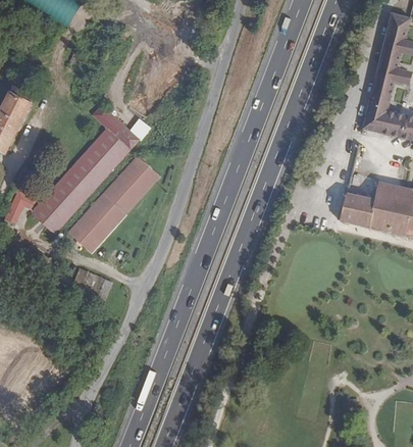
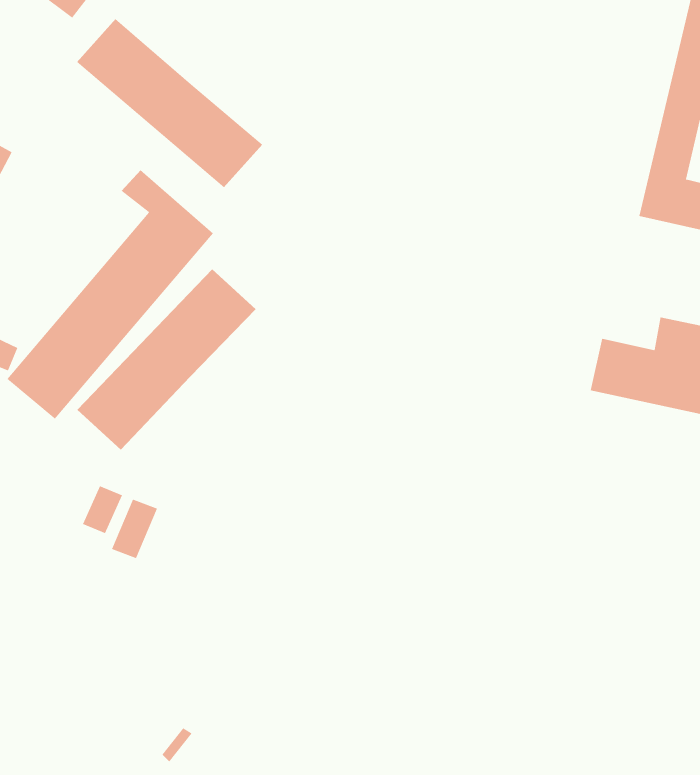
building: none -> [76,18,263,188]

